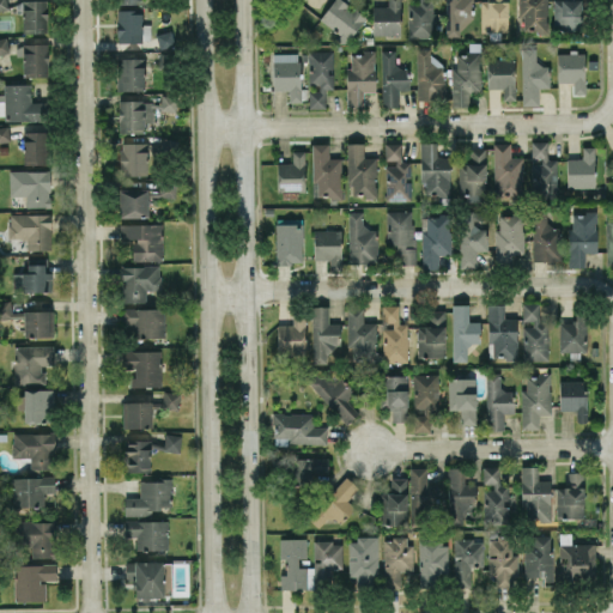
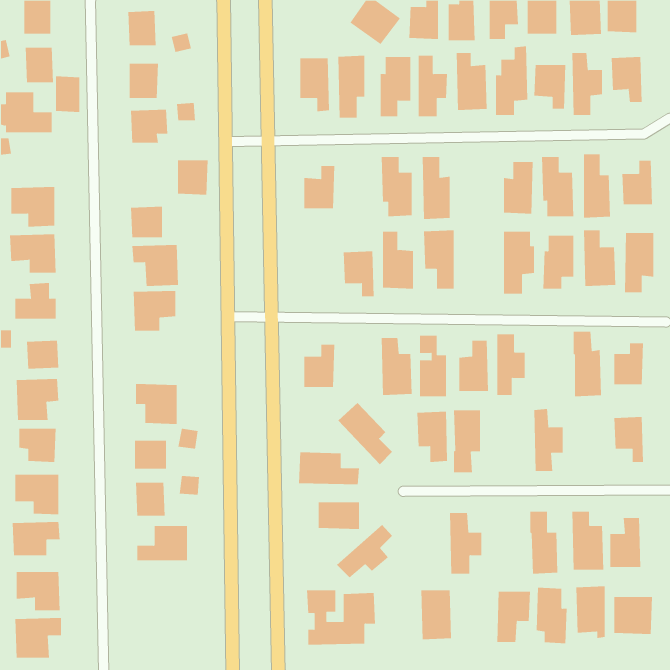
building: [25,132,48,165] -> [55,76,80,113]
building: [121,144,150,176] -> [177,160,209,195]
building: [421,144,451,198] -> none
building: [314,145,344,199] -> none
building: [423,216,453,271] -> none
building: [277,225,304,263] -> none
building: [488,305,518,359] -> none
building: [312,306,340,364] -> none
building: [123,309,166,339] -> none
building: [522,375,552,430] -> none
building: [449,378,478,425] -> none
building: [448,468,477,526] -> none
building: [383,478,408,526] -> none
building: [126,521,170,551] -> none
building: [350,538,380,587] -> none
building: [419,542,450,584] -> none
building: [127,562,172,597] -> none

